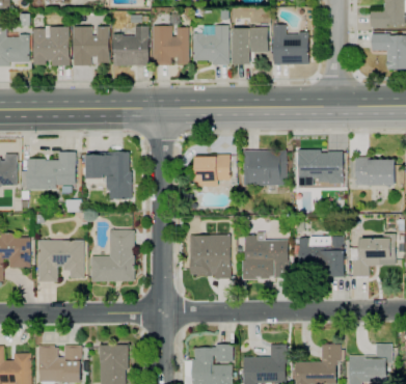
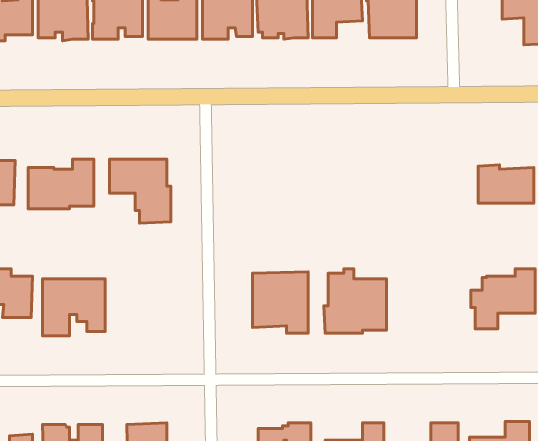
building: [298,148,342,186] -> none
building: [243,149,287,186] -> none
building: [196,155,229,186] -> none
building: [91,230,135,281] -> none
building: [299,237,344,277] -> none

